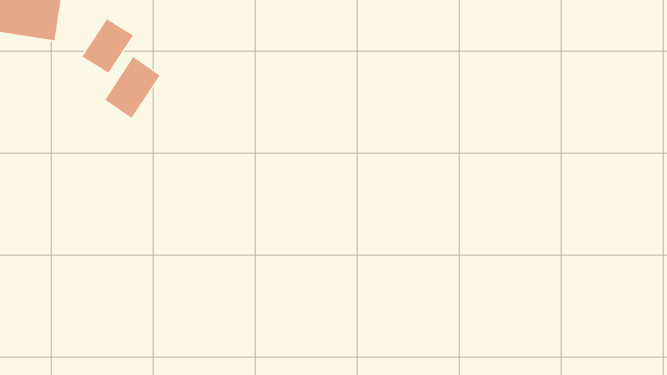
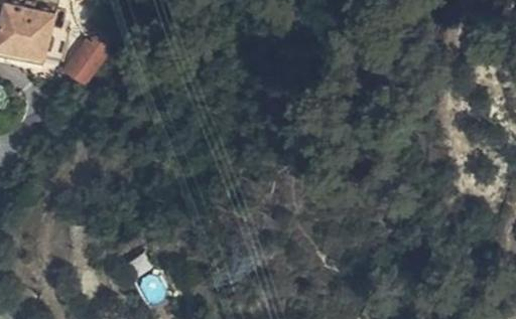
building: [105,56,160,119] -> none

